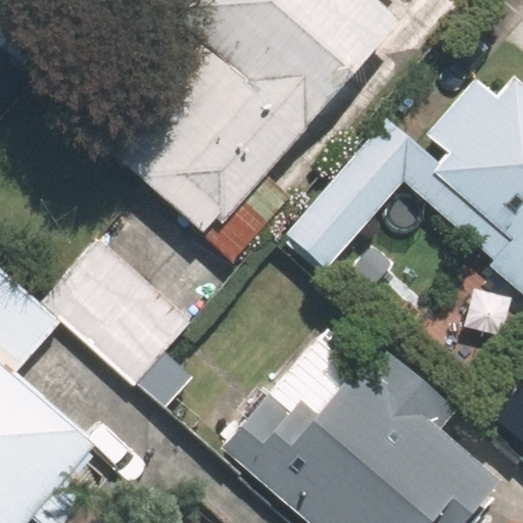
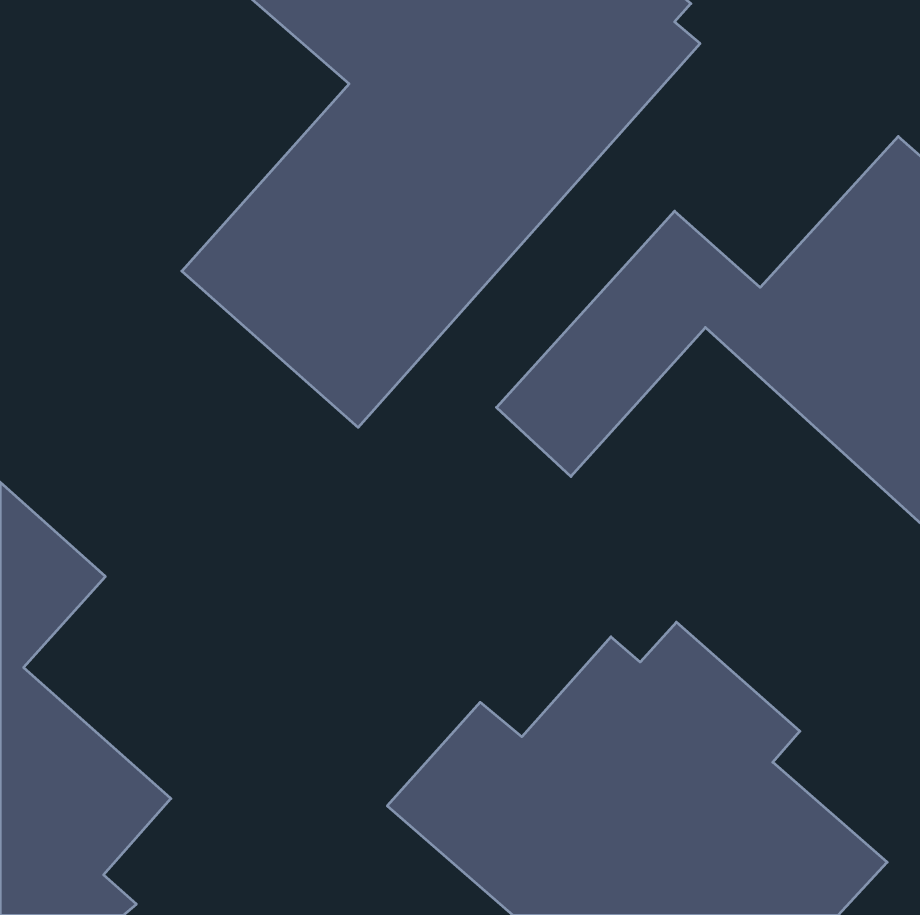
building: [43,234,197,384] -> none

